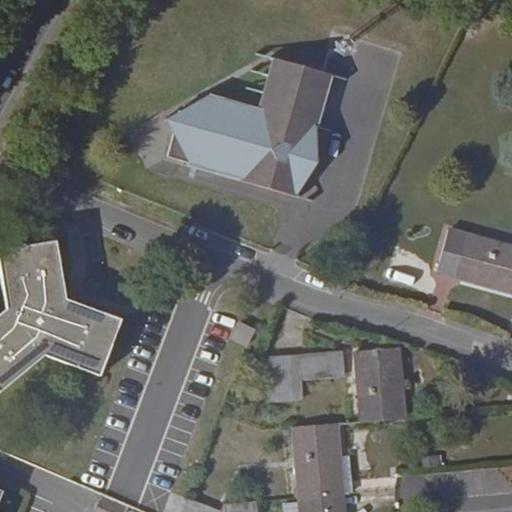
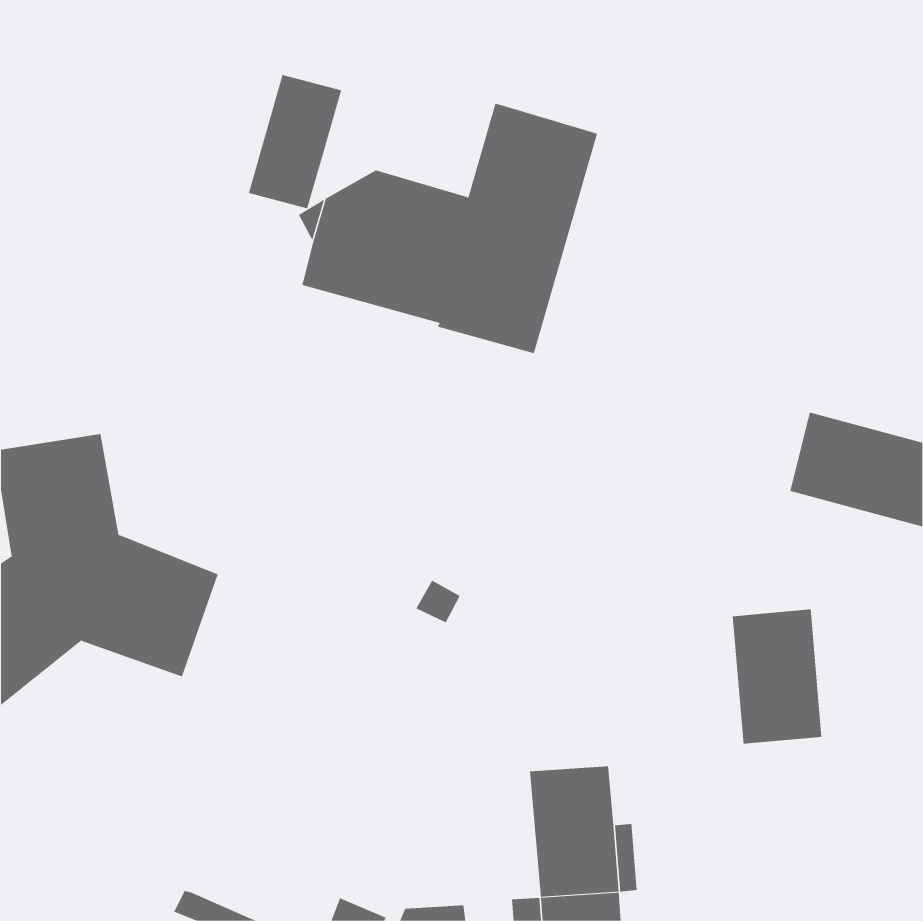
building: none -> [248,74,342,209]
building: [355,347,405,422] -> [732,609,822,744]
building: [271,352,343,399] -> none

